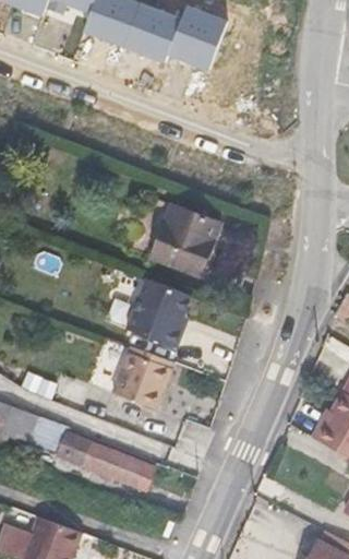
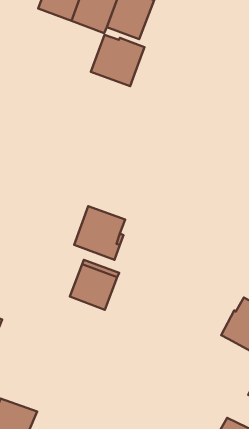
building: none -> [91,35,145,86]
building: [151,206,219,276] -> none
building: [56,432,155,490] -> none

